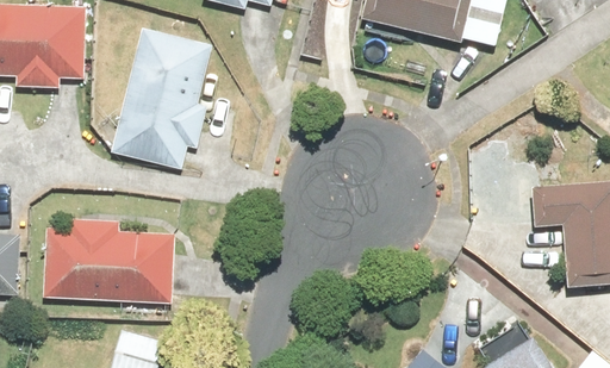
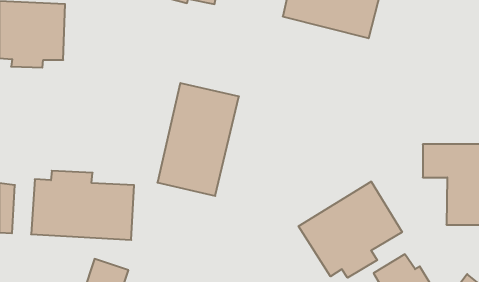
building: [112,25,214,167] -> [157,83,239,196]
building: none -> [299,181,402,278]

